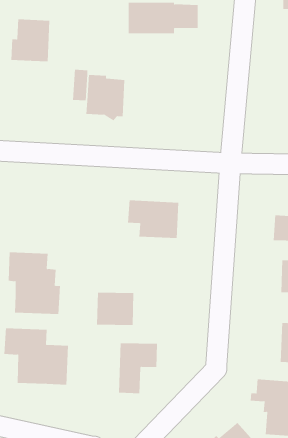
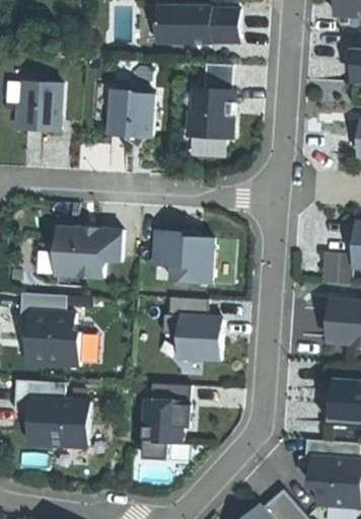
building: [10,19,50,62] -> [15,82,61,132]
building: none -> [185,64,232,139]
building: none -> [33,228,122,278]
building: [96,292,134,326] -> [181,320,224,359]

